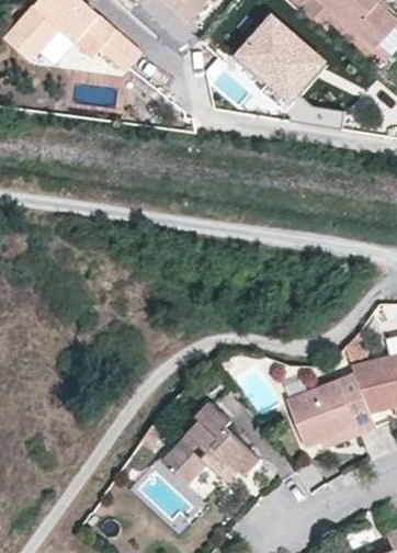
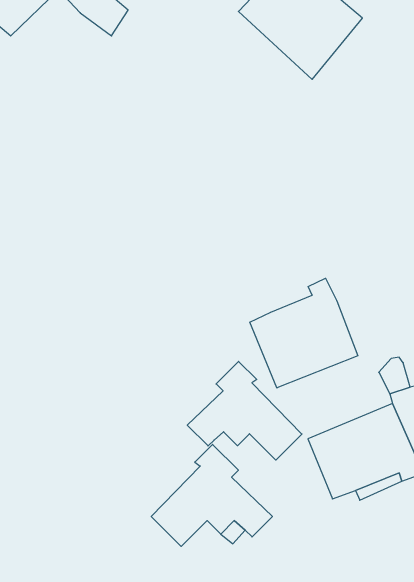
building: none -> [250,278,358,388]
building: none -> [187,361,302,460]

